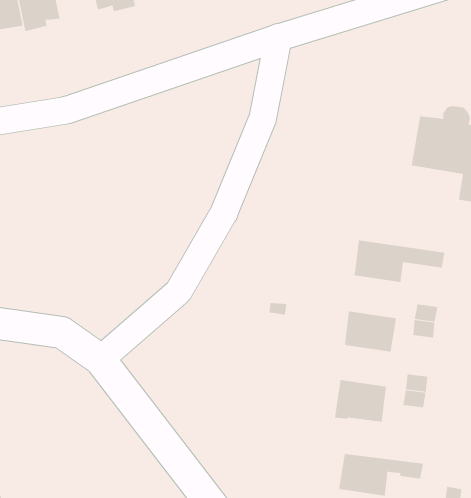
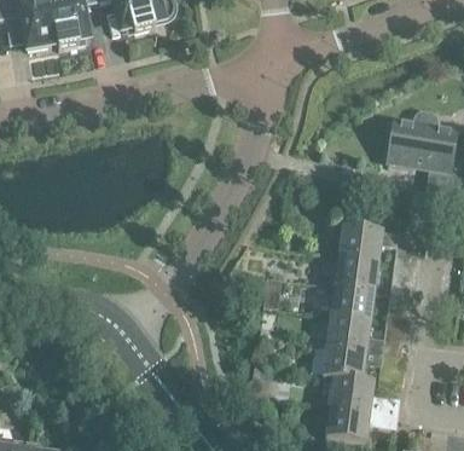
building: none -> [335,254,379,290]
building: none -> [327,313,371,348]
building: none -> [331,375,401,414]

